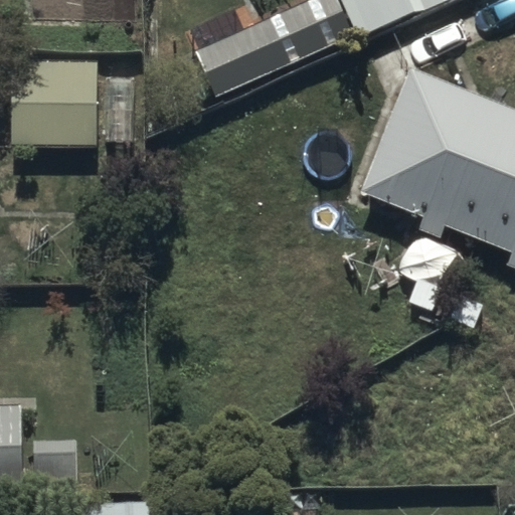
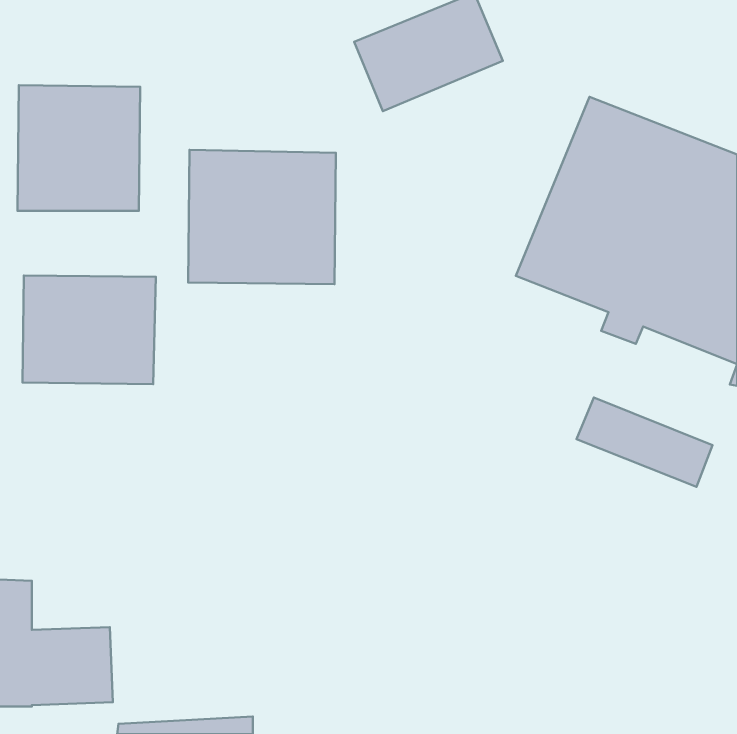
building: none -> [188,150,336,284]
building: none -> [23,275,156,384]

